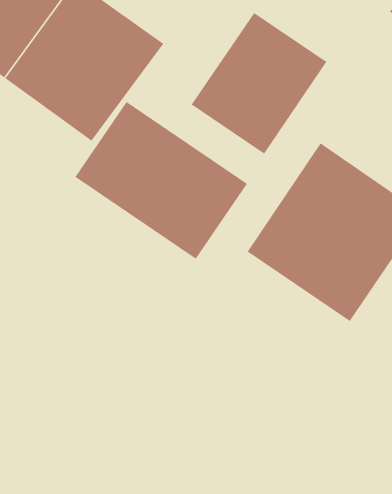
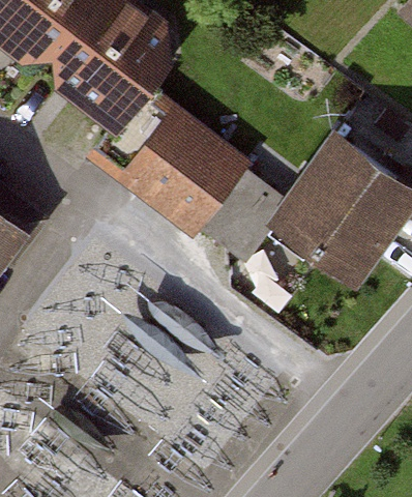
building: [191,12,327,154] -> none

